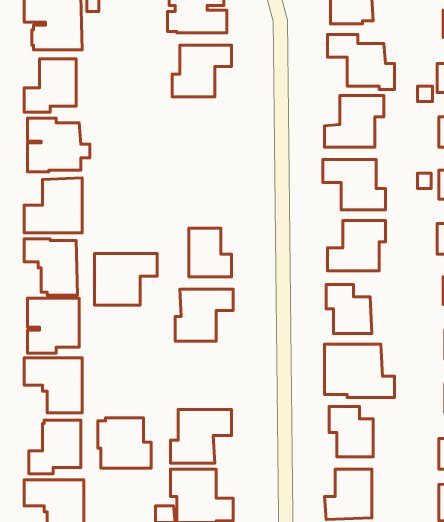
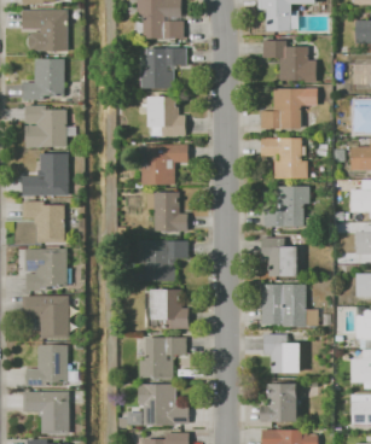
building: none -> [147,95,184,136]
building: [95,253,157,305] -> [138,144,187,185]
building: [98,418,151,468] -> [145,288,187,328]

